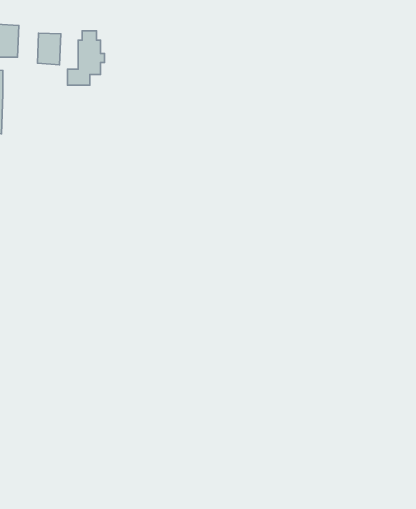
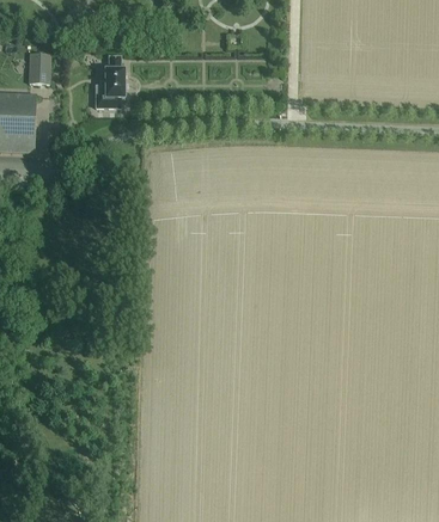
building: [37,33,61,65] -> none

